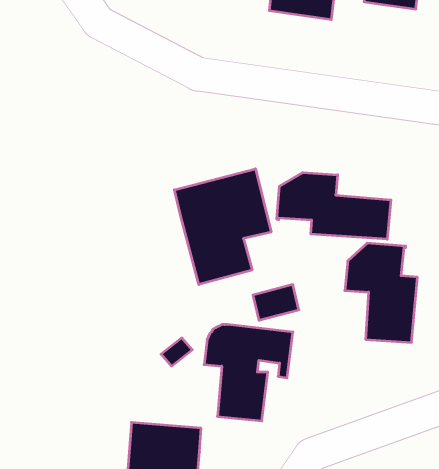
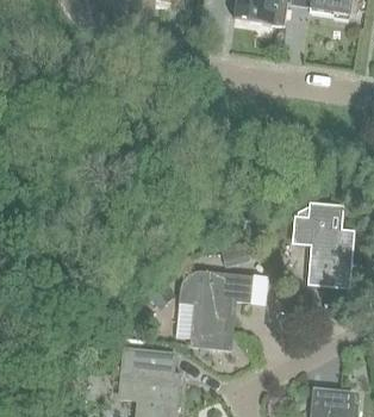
building: [174,169,271,285] -> none
building: [277,173,391,239] -> none

